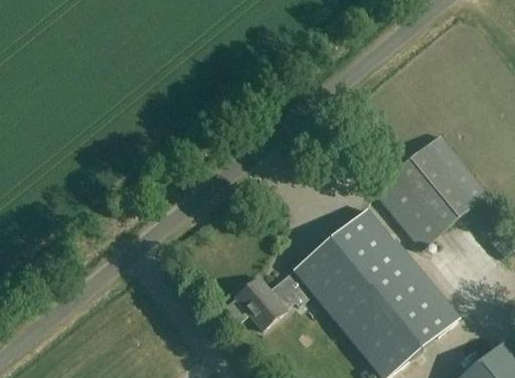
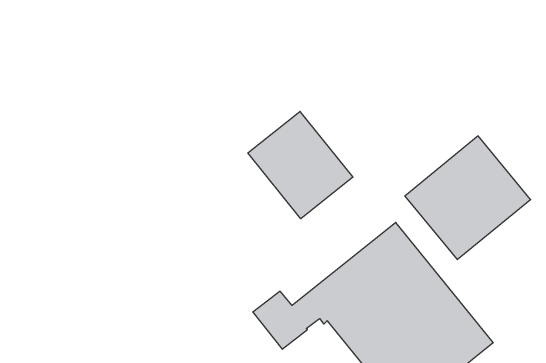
building: none -> [248,111,353,219]

